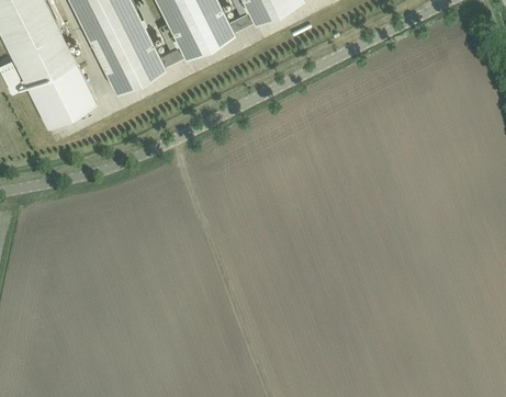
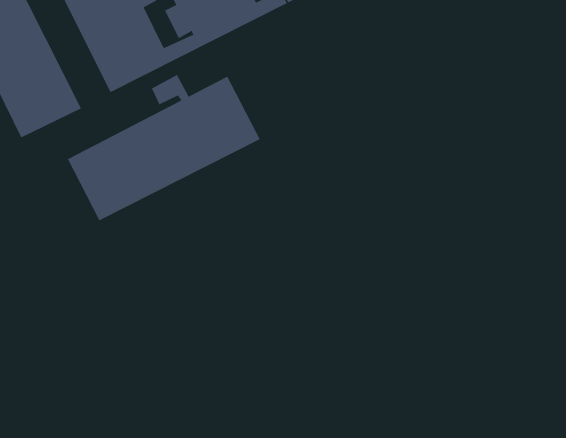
building: none -> [67,74,260,221]

